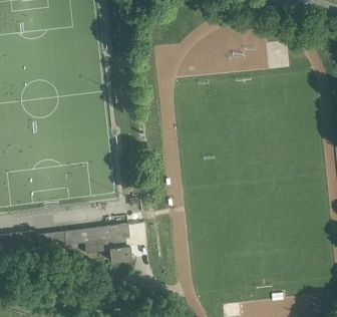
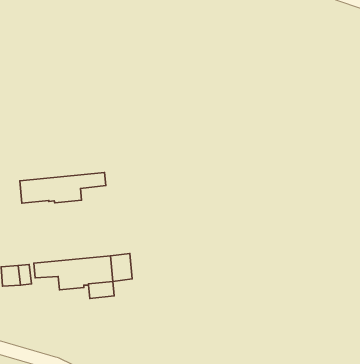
building: none -> [20,173,106,203]

